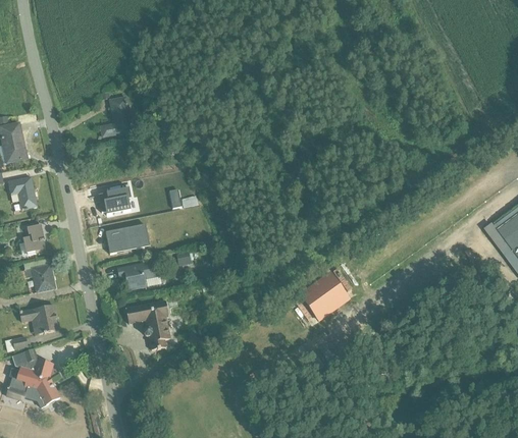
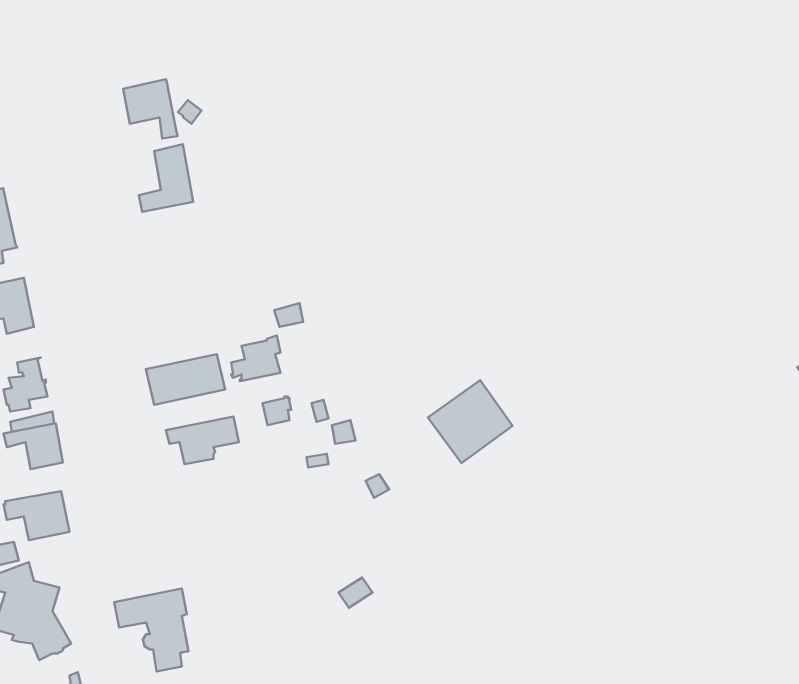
building: none -> [123,79,177,138]
building: [100,186,130,214] -> [231,336,280,381]
building: [298,271,349,321] -> [428,380,512,463]
building: [124,299,169,349] -> [114,589,189,672]

